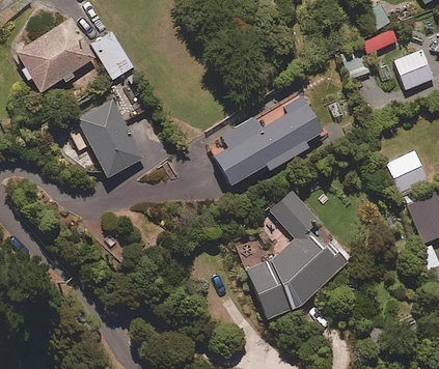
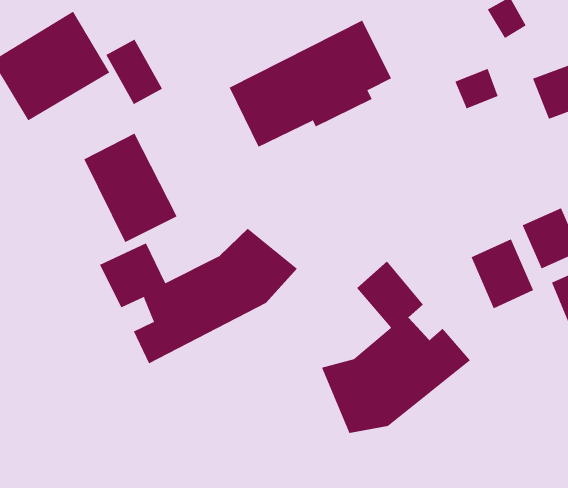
building: [208,92,323,182] -> [229,20,392,148]
building: none -> [99,228,298,364]
building: none -> [471,238,534,309]

